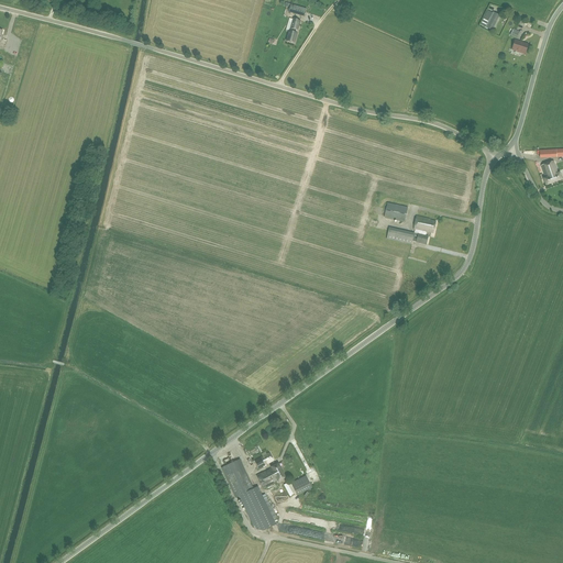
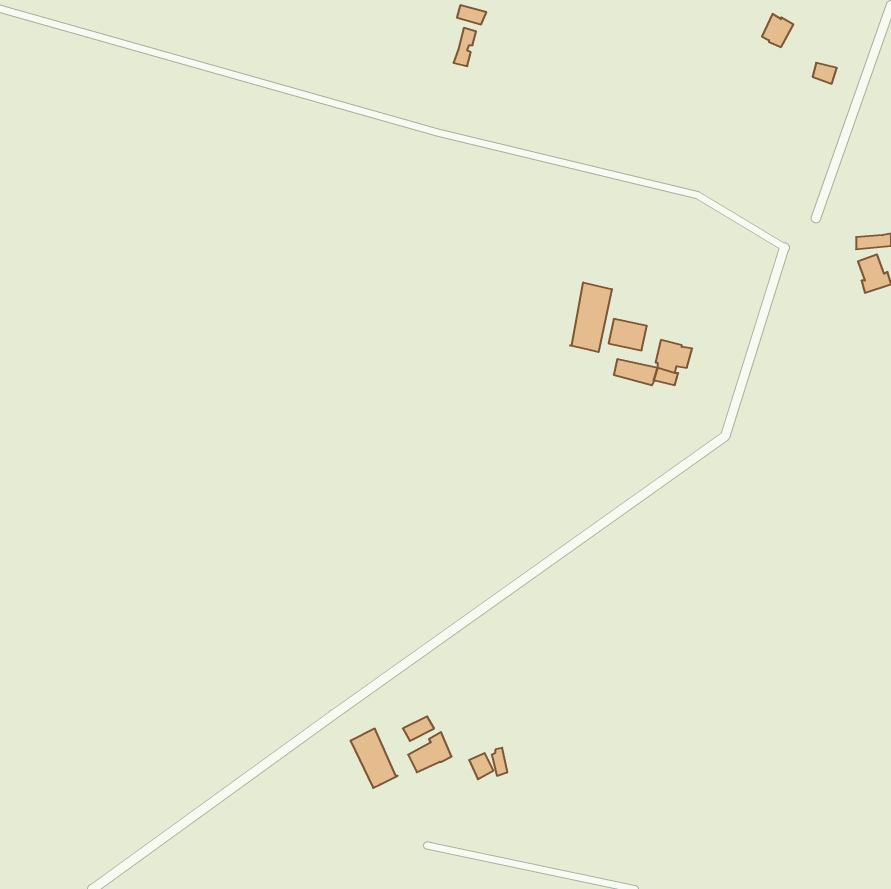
building: none -> [570,282,612,352]
building: [240,487,276,531] -> none

